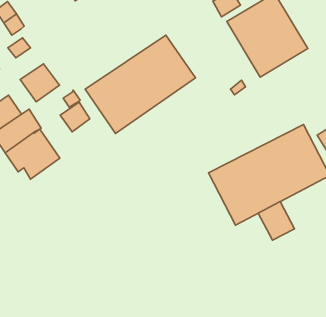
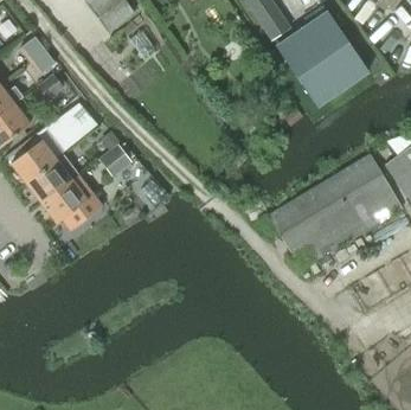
building: [85,35,195,133] -> none
building: [258,202,294,240] -> none

